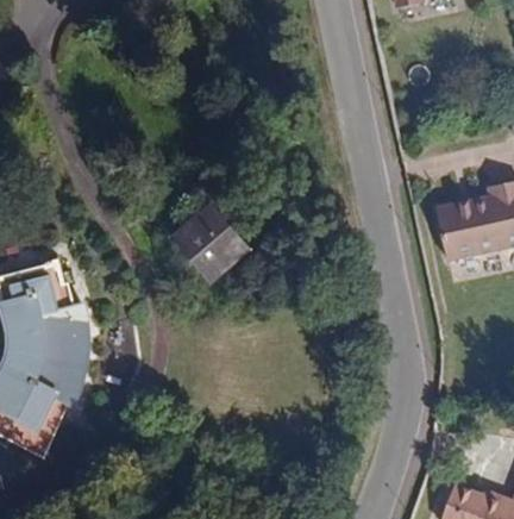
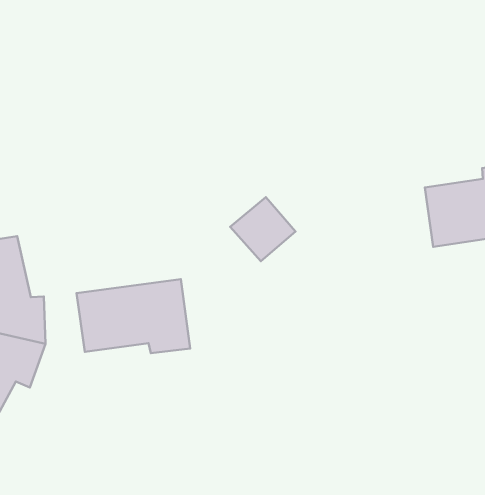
building: [180,213,239,271] -> [230,197,295,261]
building: none -> [77,279,190,353]

